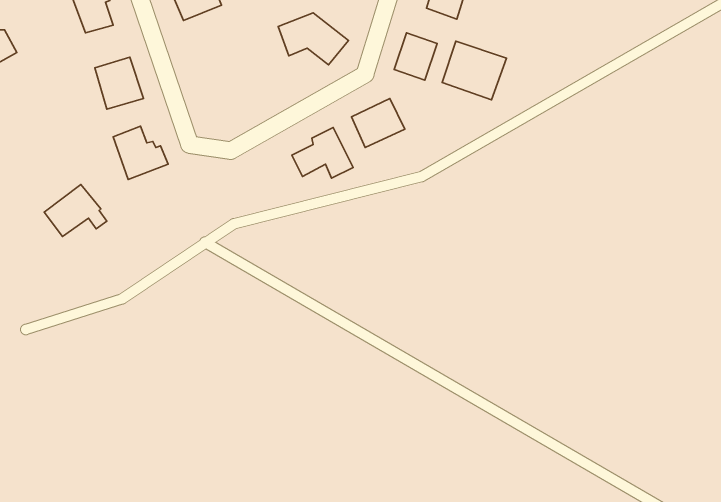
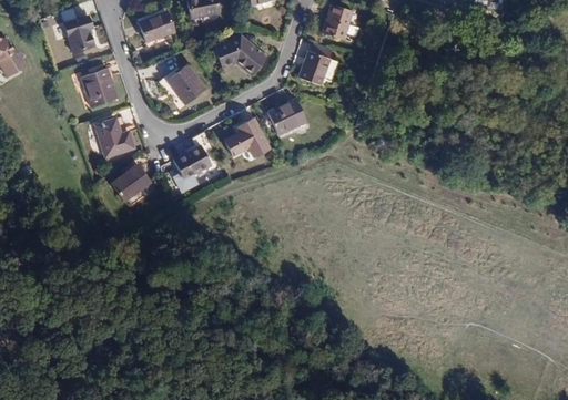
building: [442,41,507,100] -> none
building: none -> [166,64,205,104]
building: none -> [174,145,212,178]
building: [44,185,107,237] -> [110,164,155,202]

